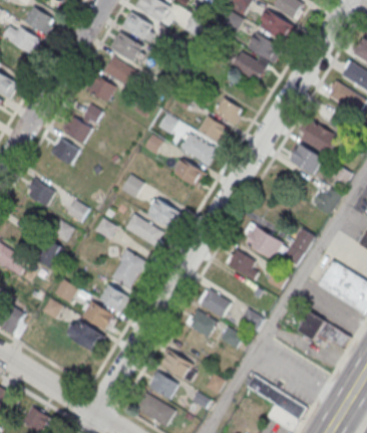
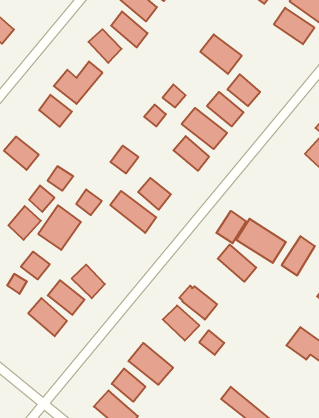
building: [232,49,269,82] -> [200,34,242,74]
building: none -> [216,211,246,243]
building: [110,249,146,288] -> [38,205,81,250]

